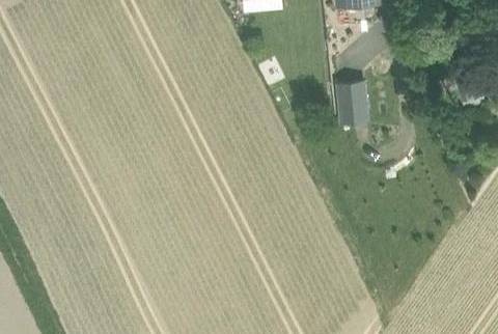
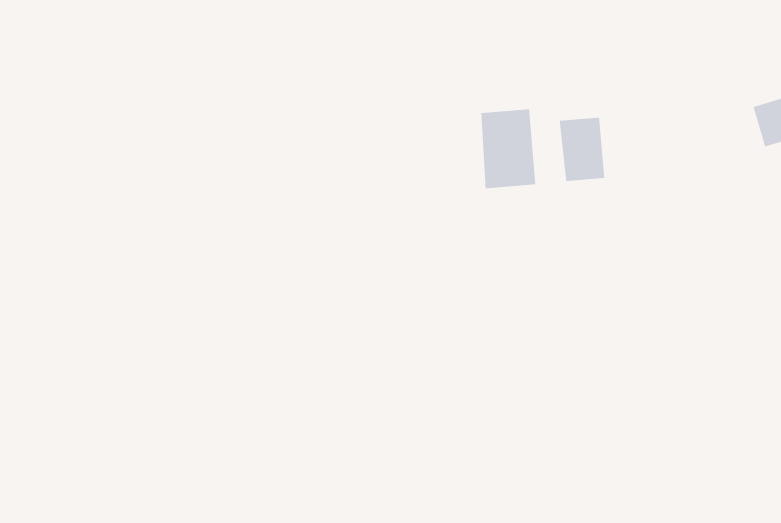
building: none -> [481,108,536,189]

